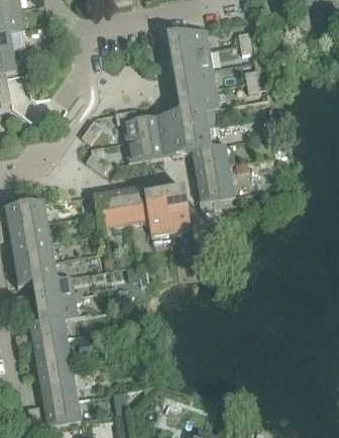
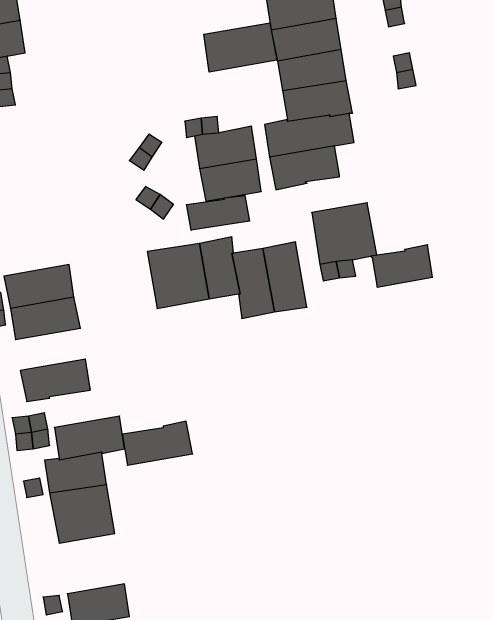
building: none -> [204,23,277,72]
building: [191,142,229,169] -> [371,245,432,287]
building: none -> [186,195,249,230]
building: [11,240,54,266] -> none
building: [32,275,76,302] -> [123,421,193,465]
building: [38,368,79,405] -> none

